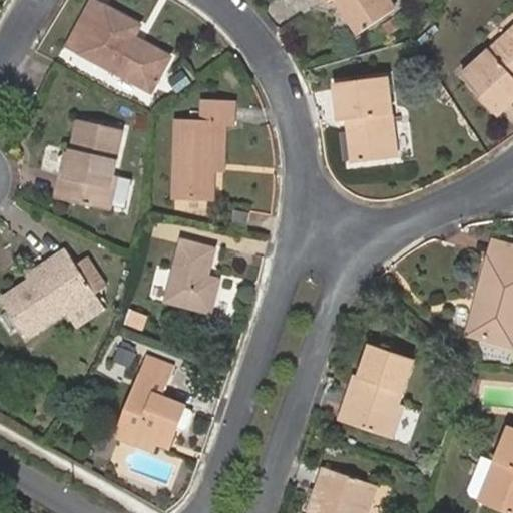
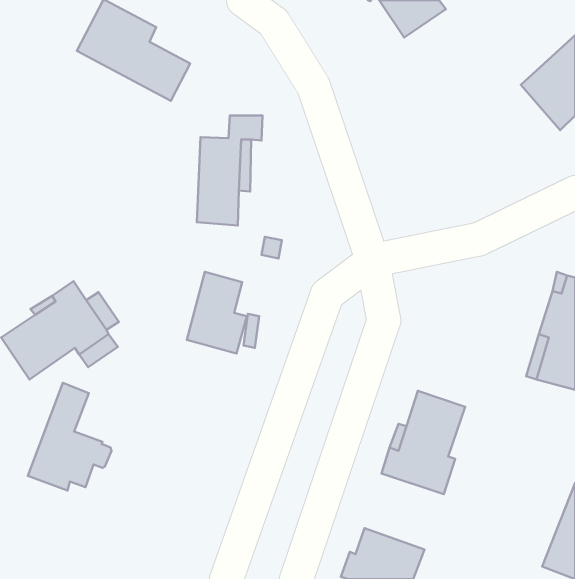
building: [334,77,397,163] -> none
building: [54,120,121,208] -> none
building: [117,354,191,449] -> [28,383,112,490]

